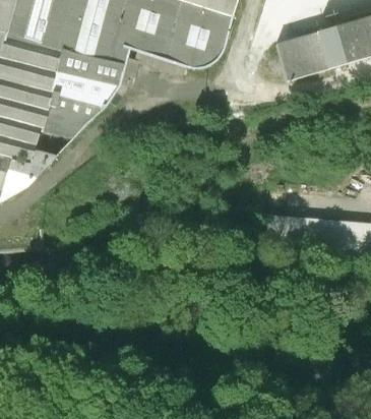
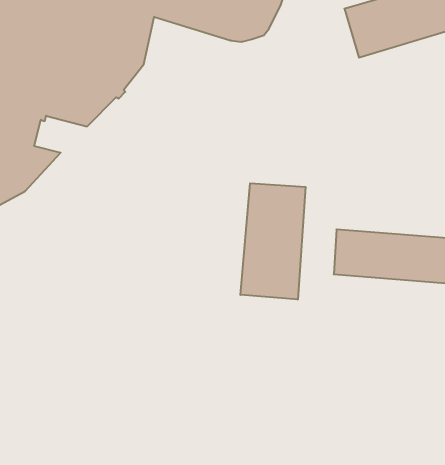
building: none -> [240,183,306,300]

